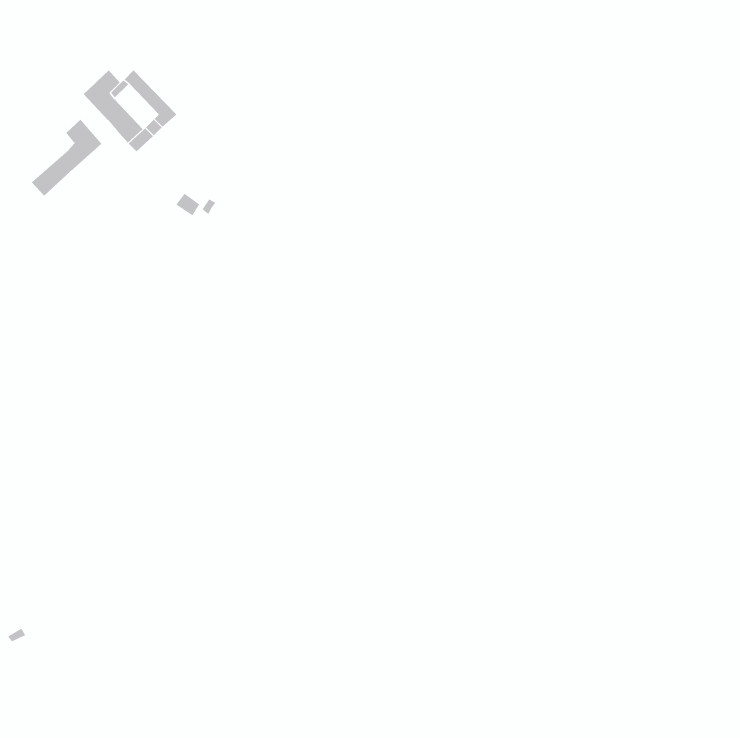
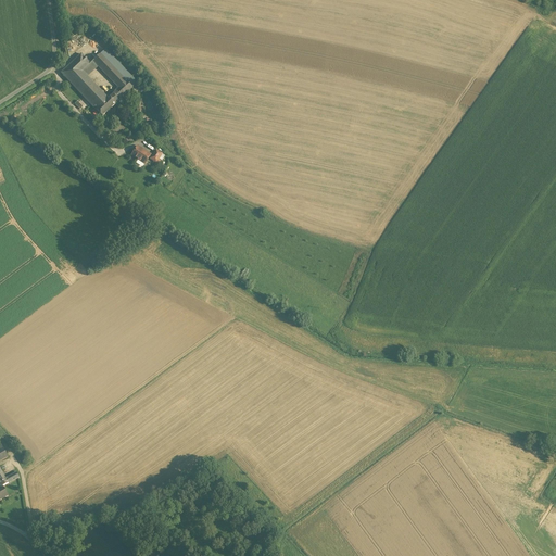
building: [31,119,102,197] -> none

